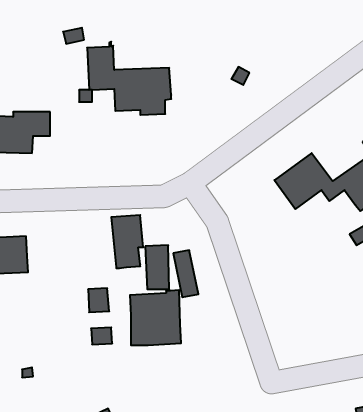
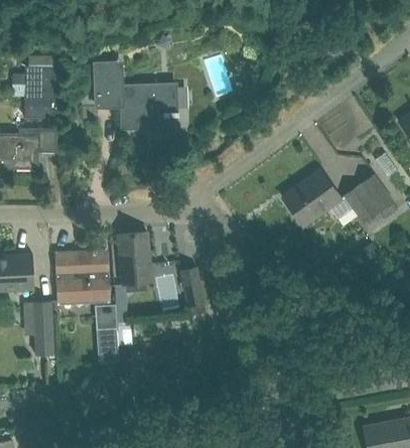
building: none -> [12,55,55,119]
building: none -> [33,301,53,355]
building: [130,290,181,345] -> [56,249,108,304]

